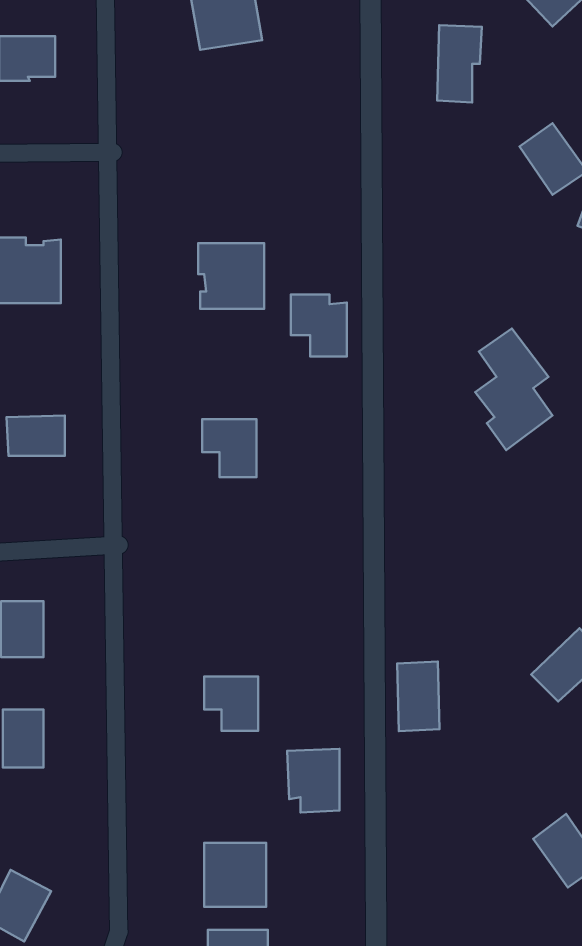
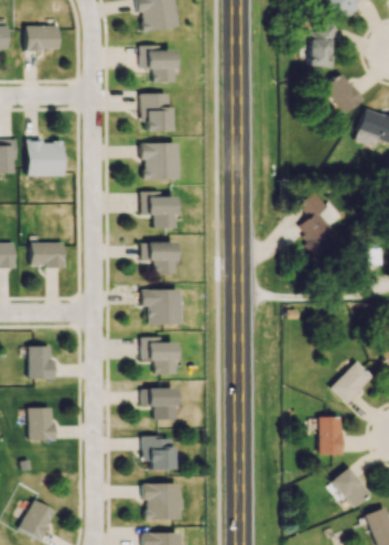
building: [437,25,482,102] -> [312,23,337,67]
building: none -> [139,44,174,84]
building: none -> [140,92,169,131]
building: [291,295,347,357] -> [142,192,174,227]
building: none -> [142,290,181,325]
building: none -> [142,337,175,373]
building: [397,661,440,731] -> [318,416,343,456]
building: [287,749,339,813] -> [142,435,172,471]

